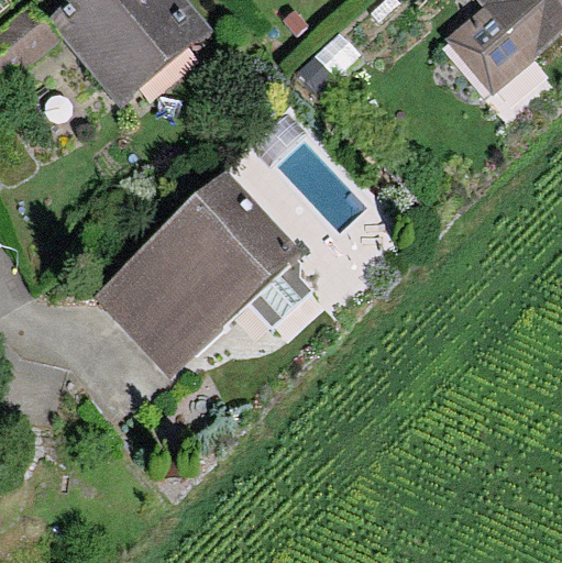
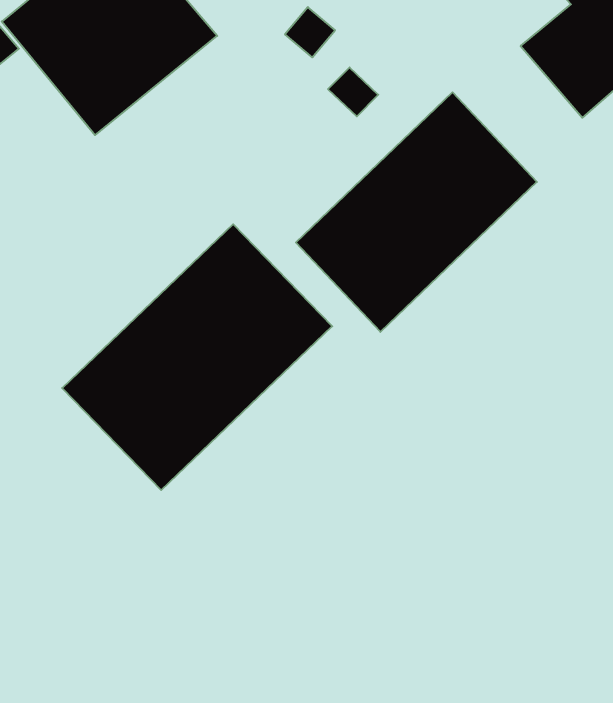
building: none -> [296,92,537,332]

